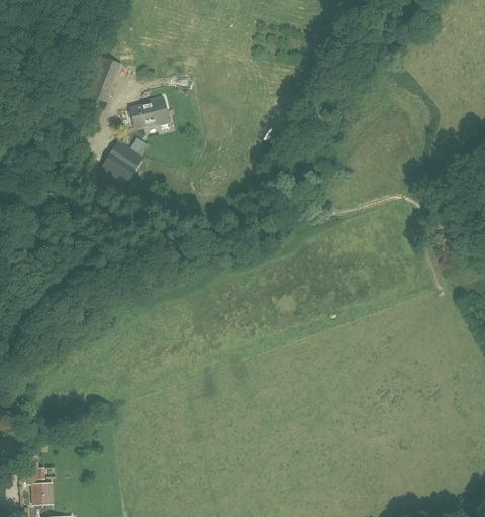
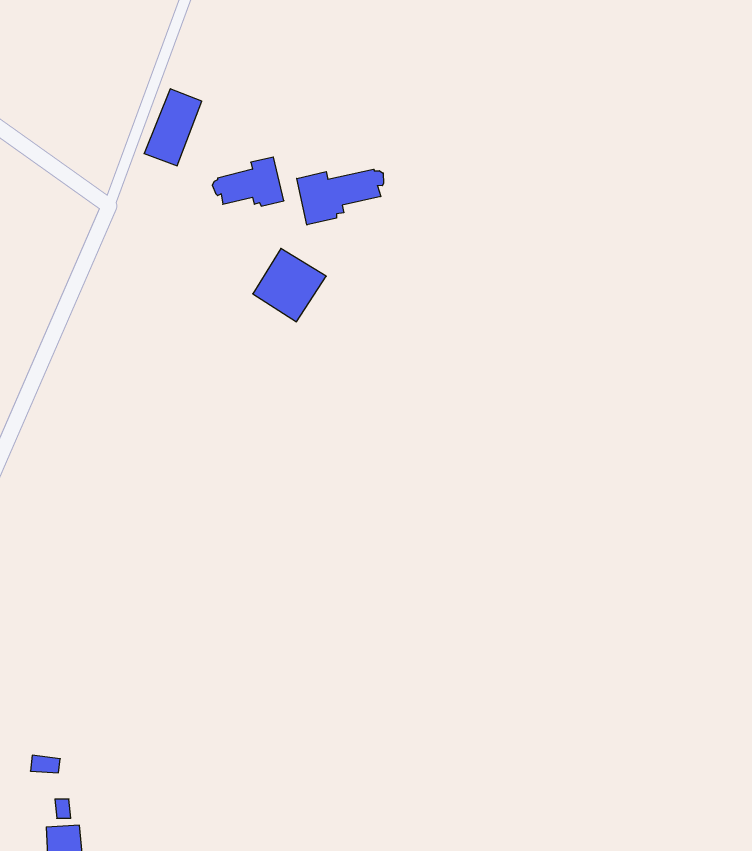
building: none -> [297,169,384,225]
building: [100,139,142,182] -> [253,248,326,322]

